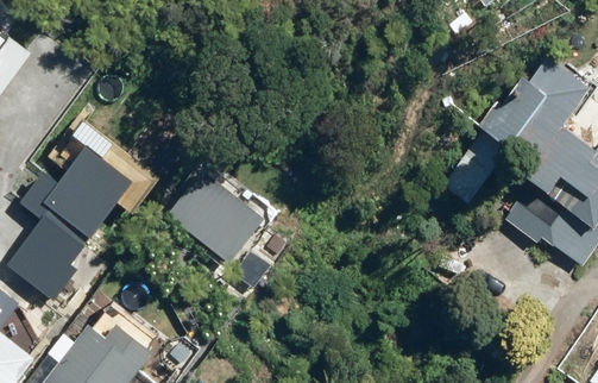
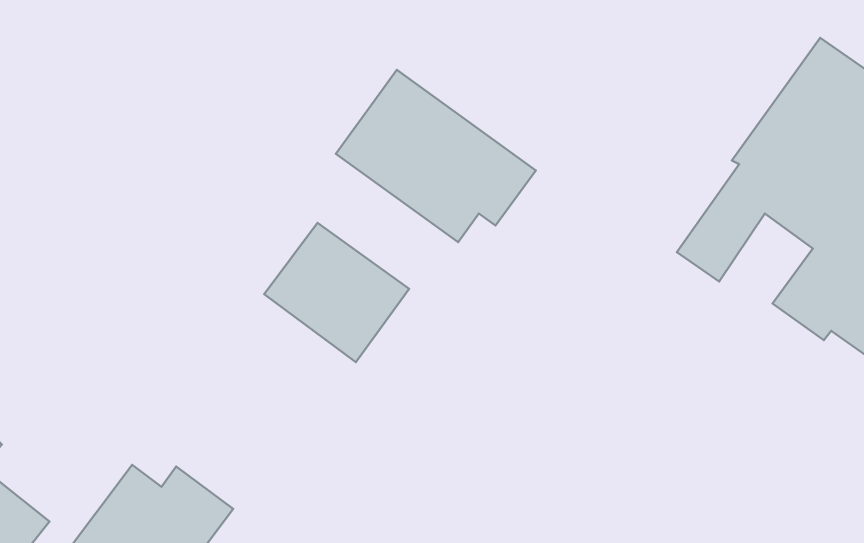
building: none -> [336,70,536,242]
building: [12,140,139,290] -> none

